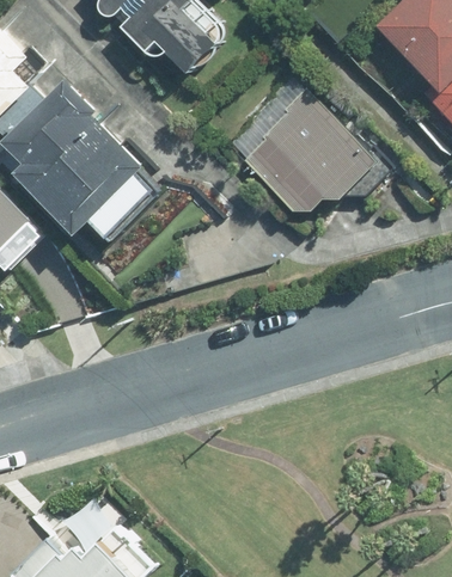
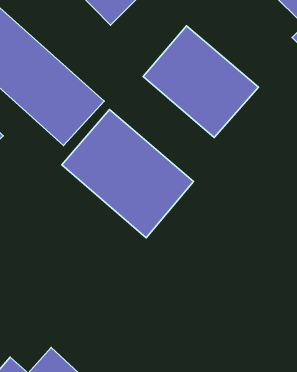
building: none -> [62,109,193,238]

